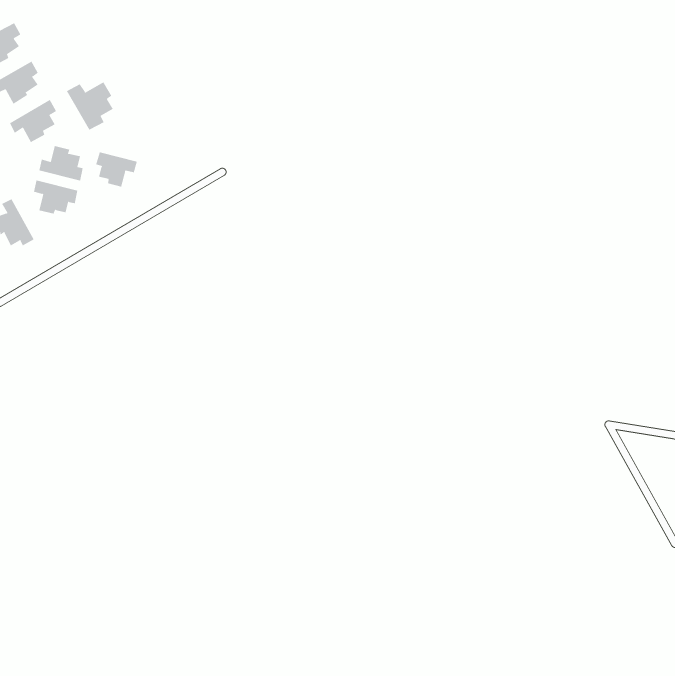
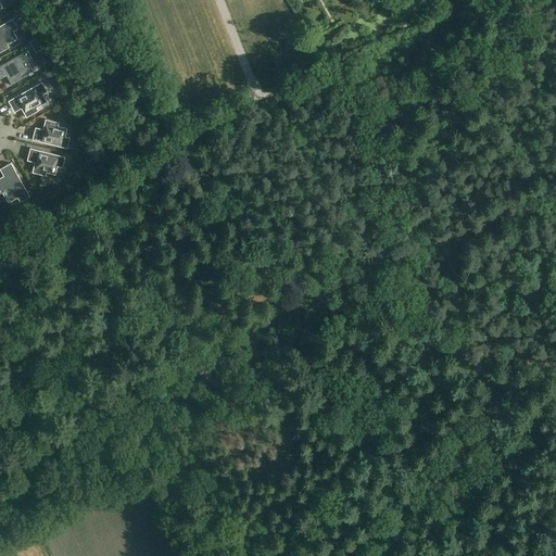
building: [66,81,113,130] -> none
building: [96,152,137,187] -> none

